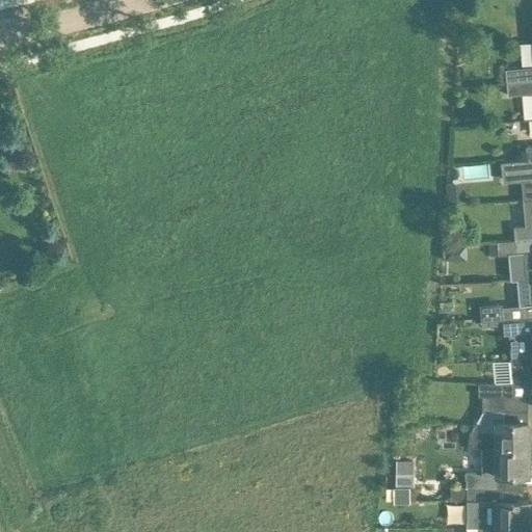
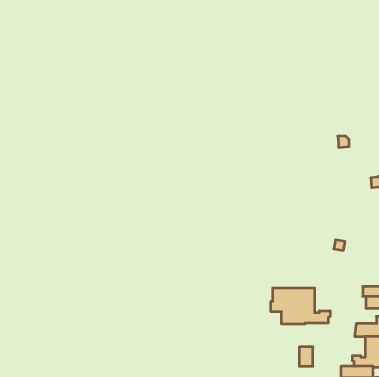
building: none -> [271,288,330,324]

